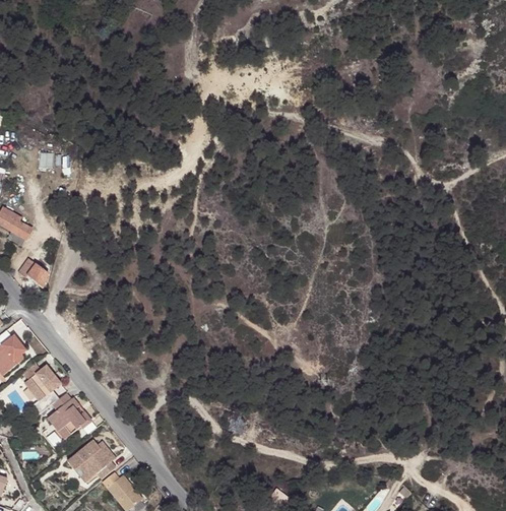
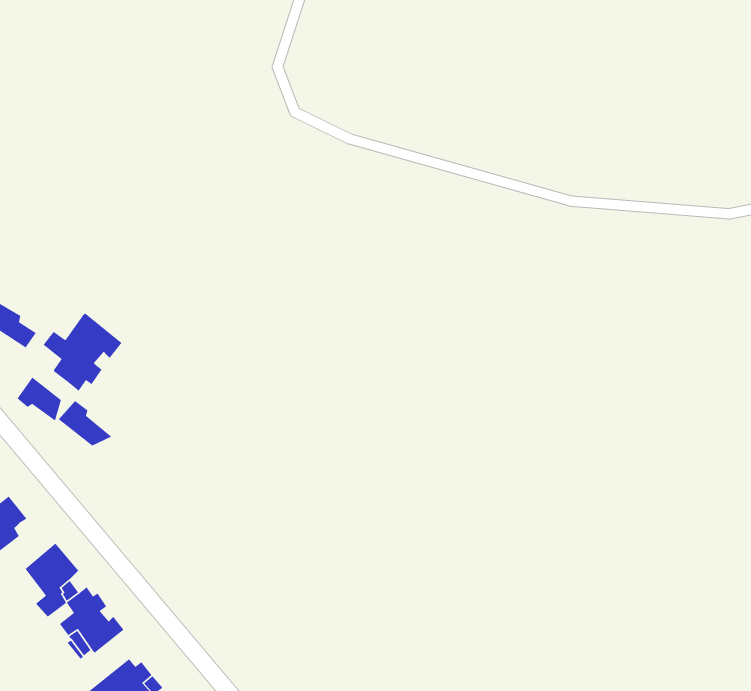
building: none -> [43,313,122,392]
building: none -> [58,400,112,447]

